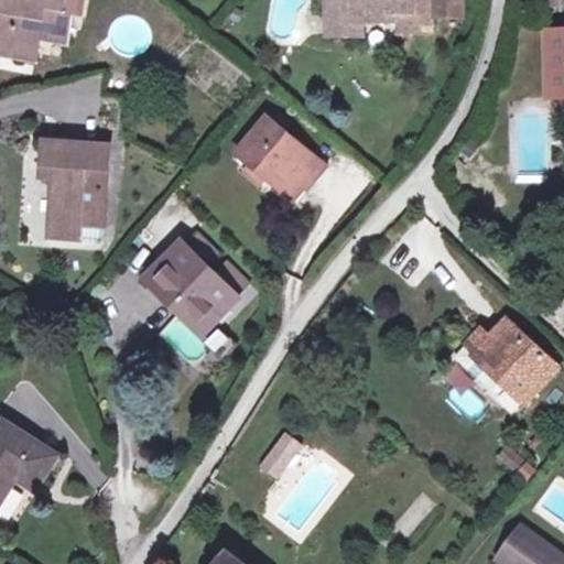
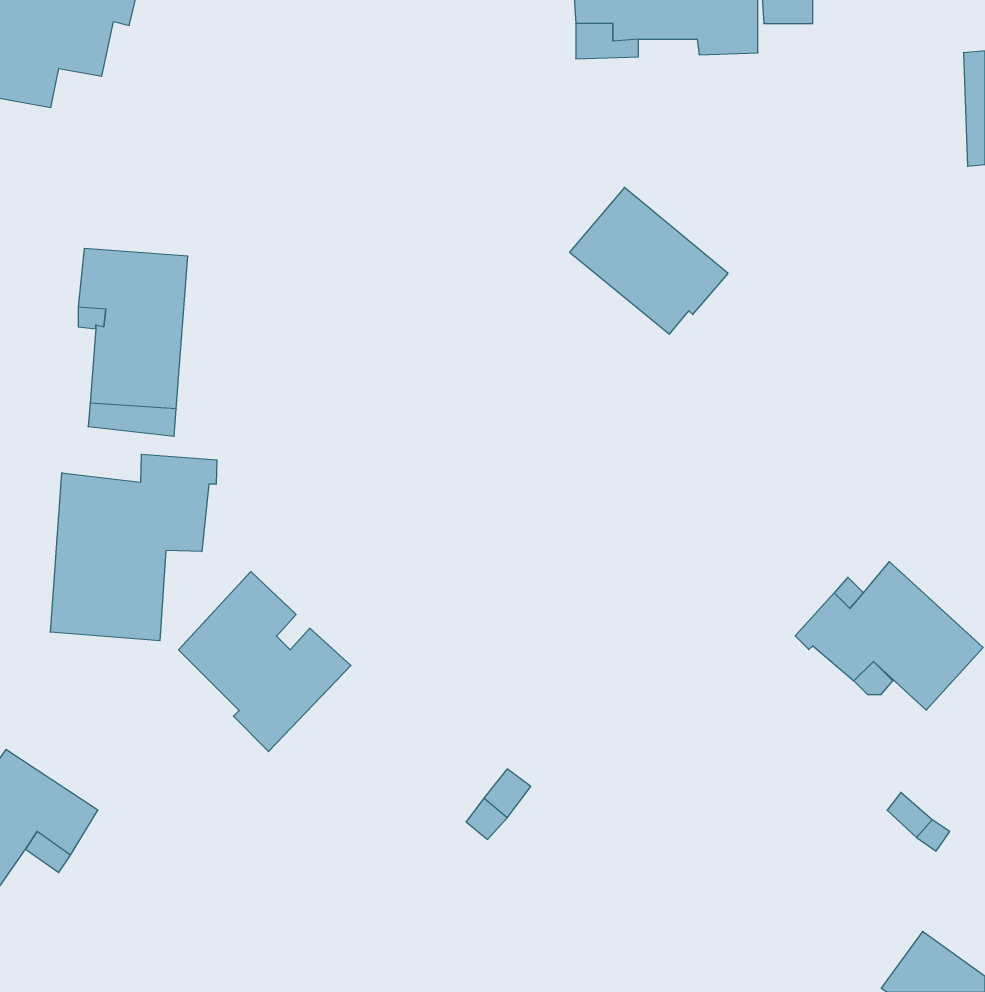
building: [238,116,327,198] -> [570,187,728,334]
building: [153,230,250,332] -> [179,572,351,752]
building: none -> [50,454,217,641]

